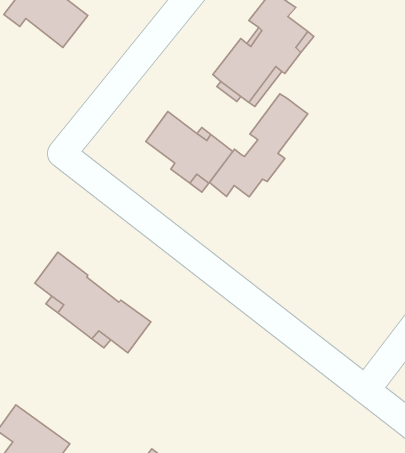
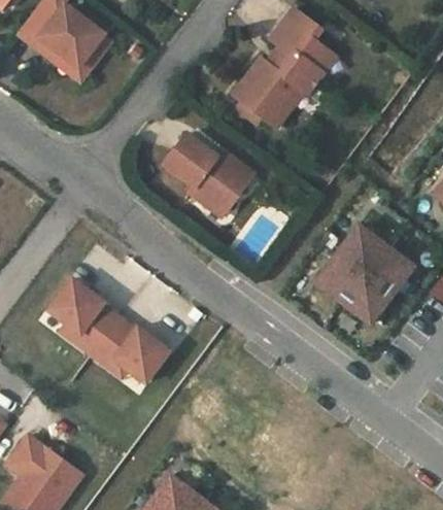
building: none -> [34,33,112,80]
building: [210,94,308,197] -> none
building: none -> [315,227,411,322]

